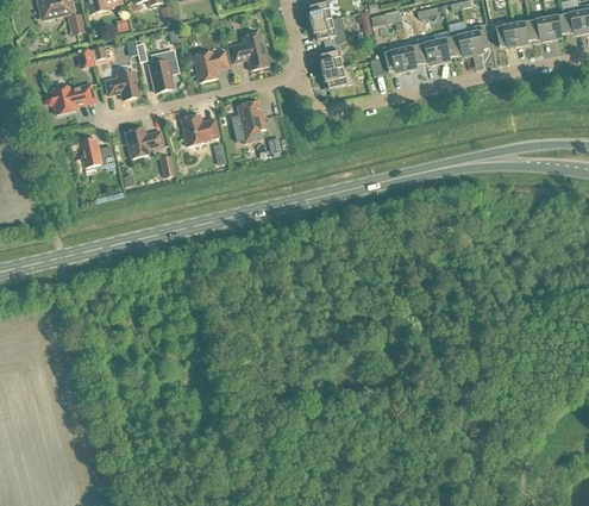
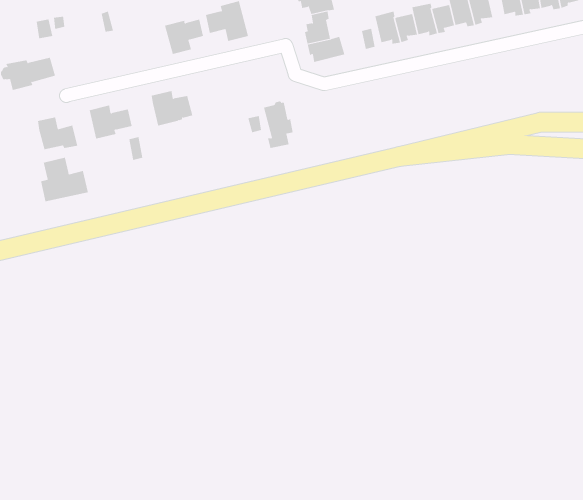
building: [149,49,180,92] -> none
building: [105,70,140,99] -> none
building: [238,99,265,142] -> [263,101,294,148]
building: none -> [41,157,88,202]

